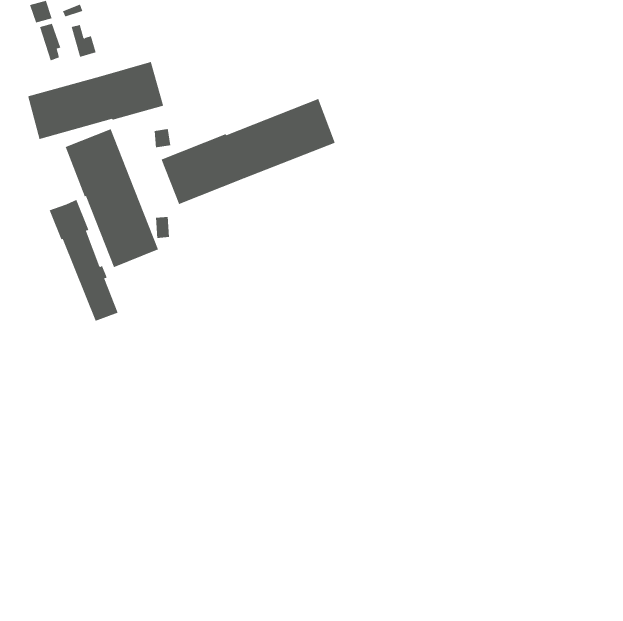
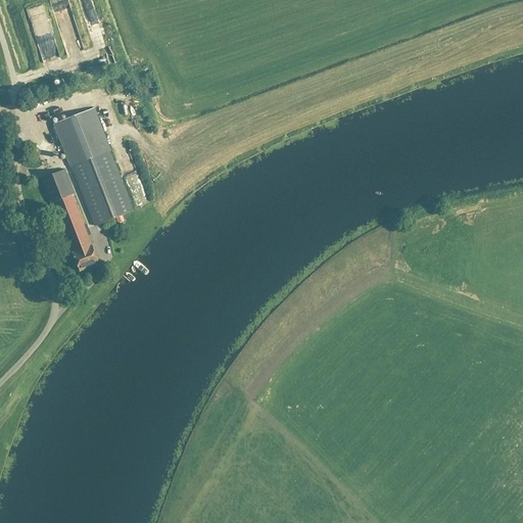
building: [27,61,164,140] -> none
building: [161,98,335,205] -> none

